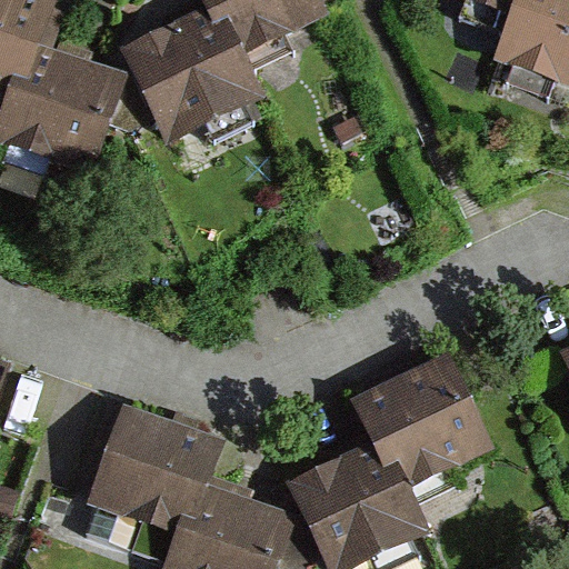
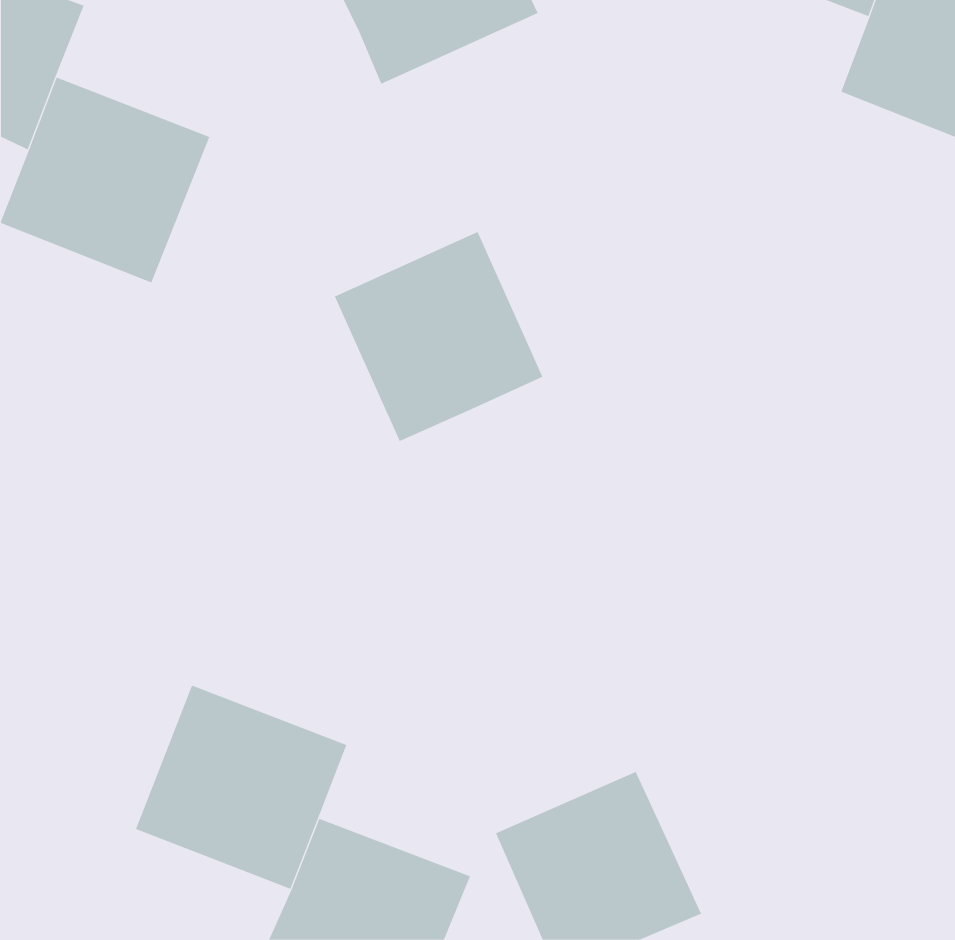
building: [130,19,252,141] -> none
building: none -> [334,231,543,442]
building: [357,365,486,488] -> none

